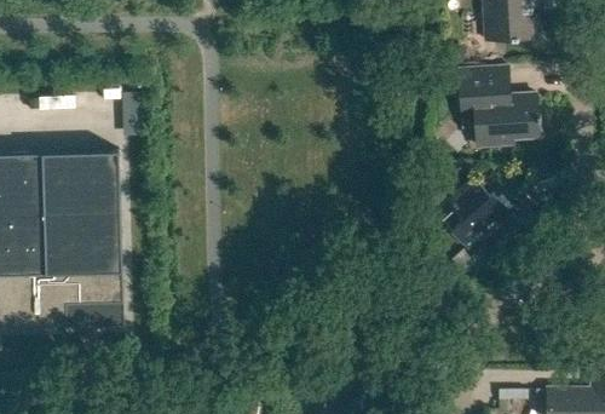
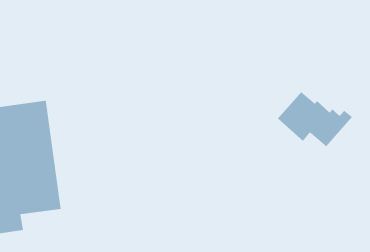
building: [457,68,540,145] -> none

